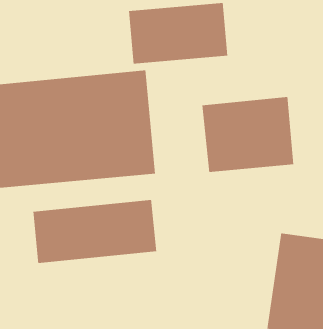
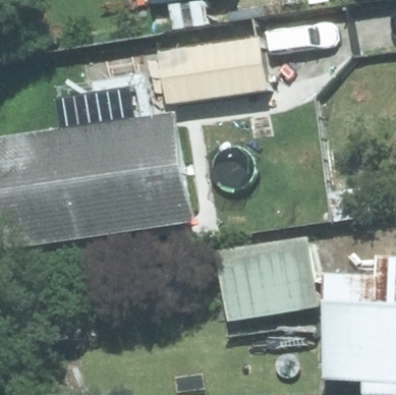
building: [202,96,294,172] -> [215,237,316,322]
building: [33,199,157,264] -> none

